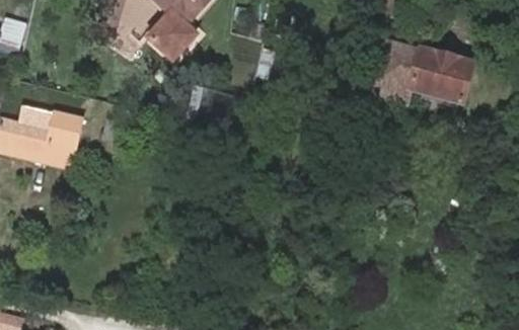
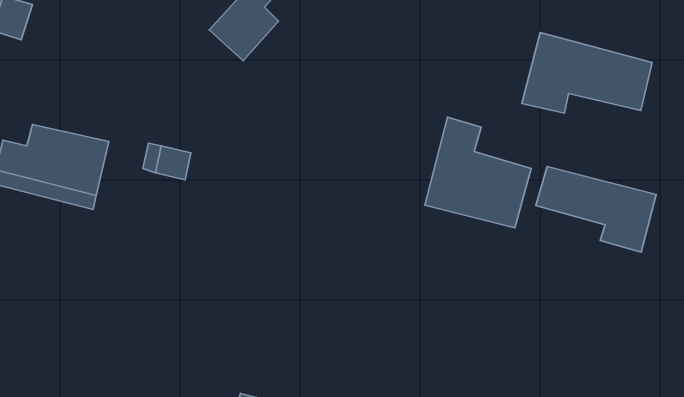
building: none -> [425,117,531,228]
building: none -> [536,167,656,252]

